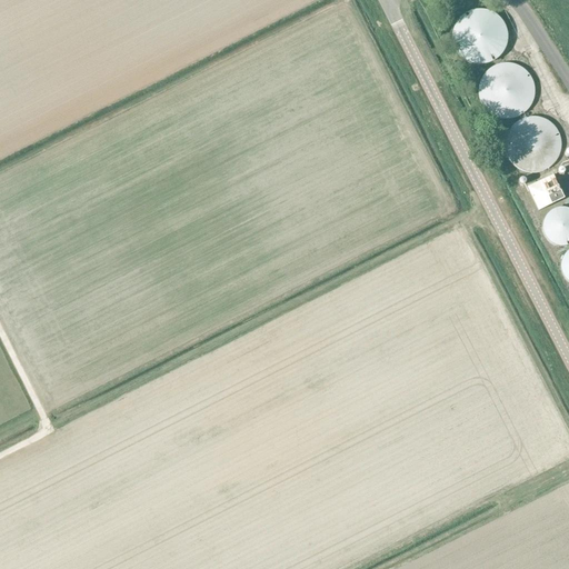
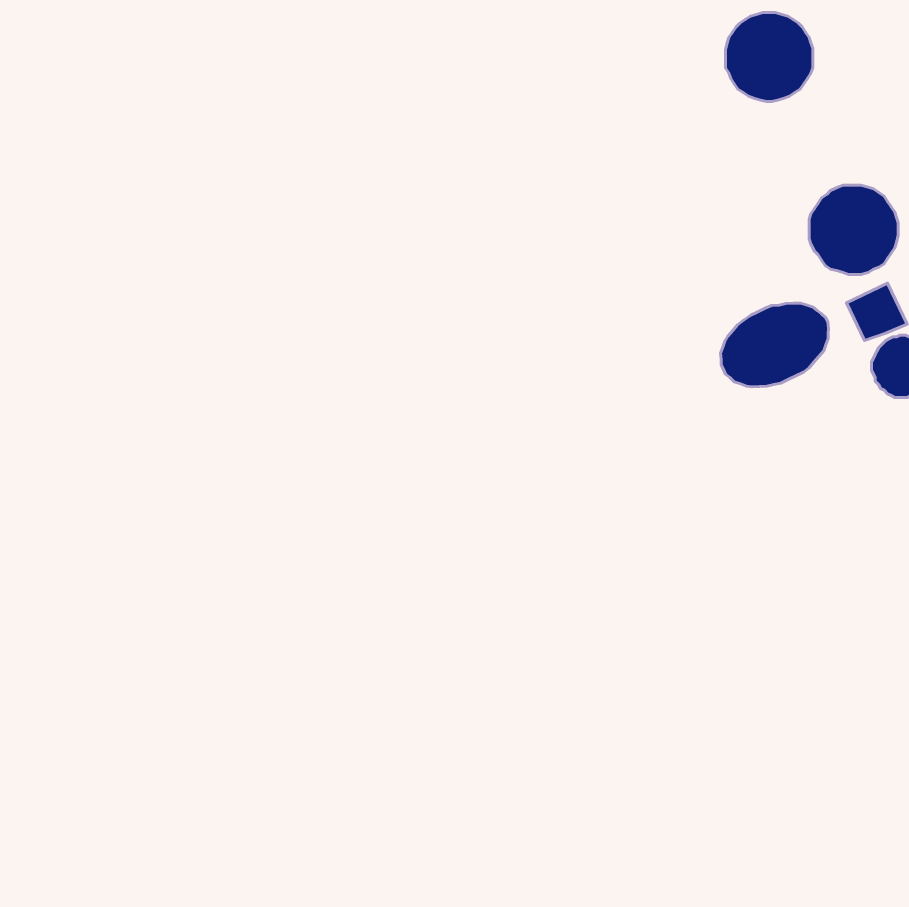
building: [479,61,535,118] -> none
building: none -> [721,303,828,387]

